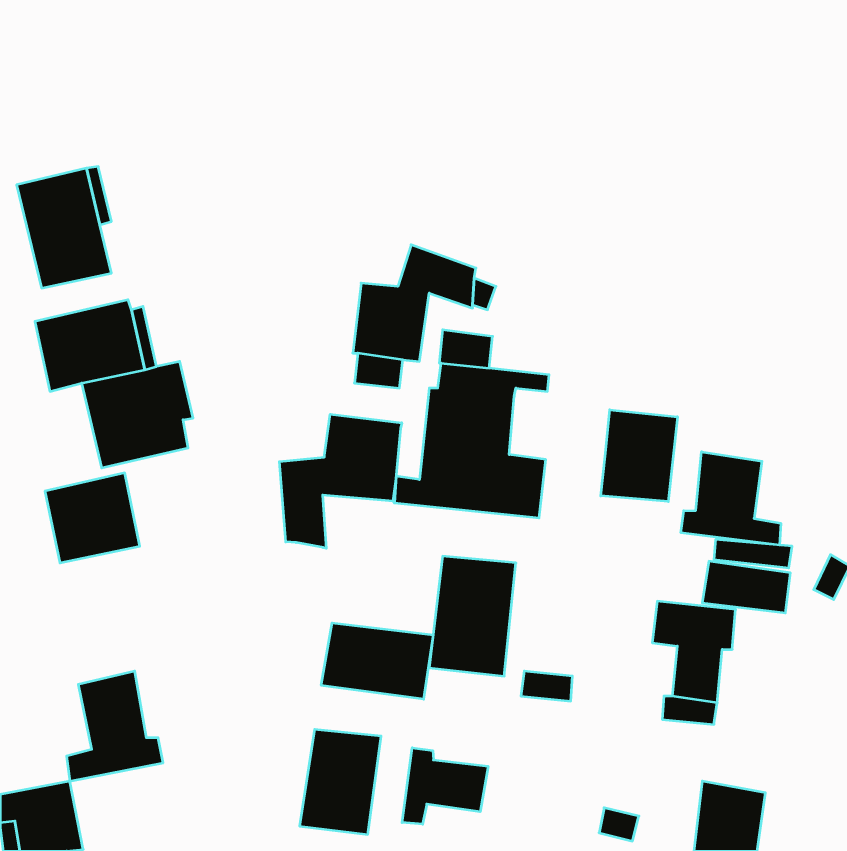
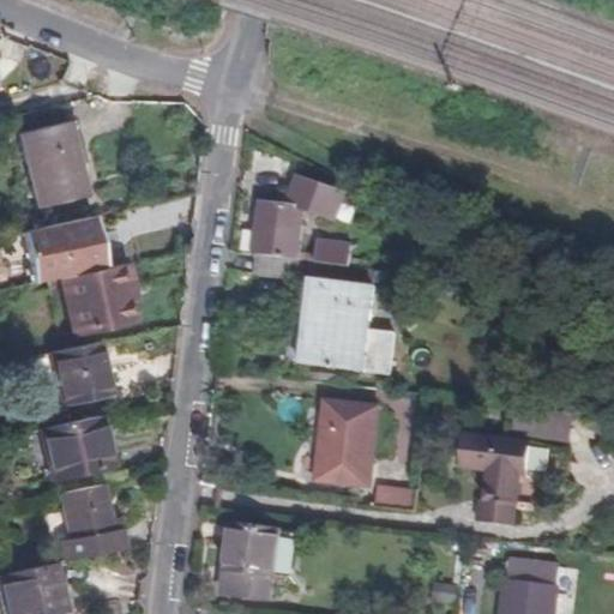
building: [601,410,677,502] -> none
building: [279,414,402,548] -> none
building: [681,452,781,545] -> none
building: none -> [50,413,106,475]
building: [321,623,433,699] -> none
building: [402,748,488,824] -> none

